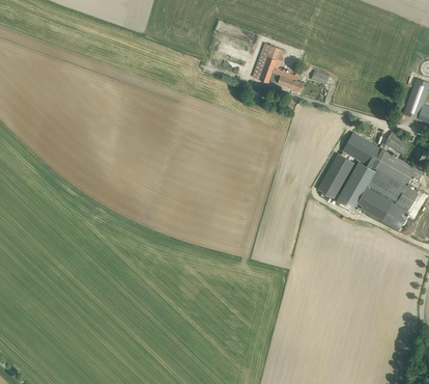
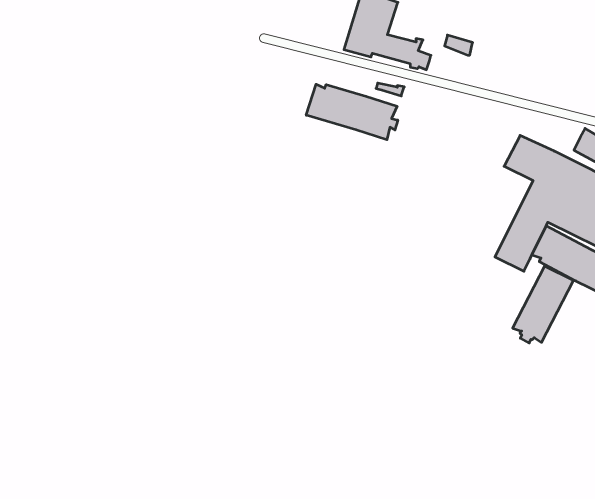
building: none -> [306,84,398,140]
building: [316,154,353,198] -> [513,266,574,343]

